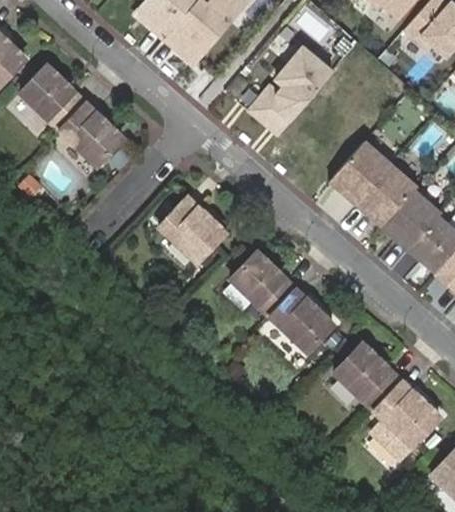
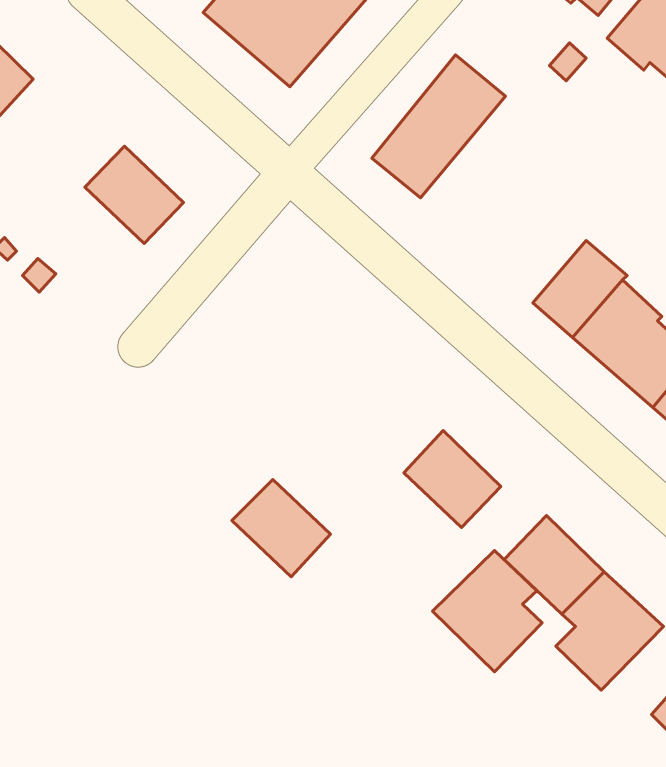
building: [21,65,85,128] -> none
building: [328,140,389,204] -> none
building: [162,197,226,262] -> none
building: [230,252,295,316] -> [232,480,331,577]
building: none -> [432,551,542,672]

